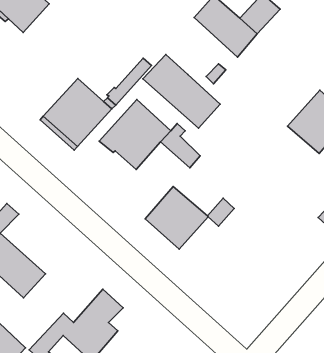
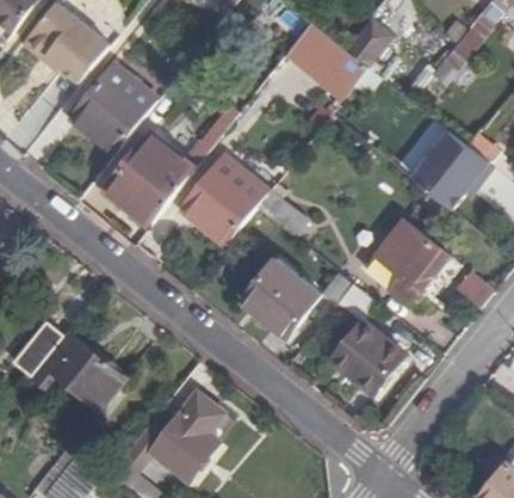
building: none -> [67,66,155,150]
building: [143,55,220,128] -> none
building: none -> [373,220,446,305]
building: none -> [332,322,403,393]

